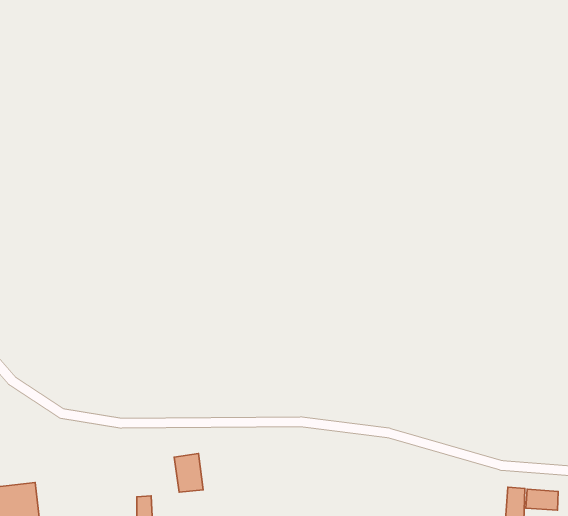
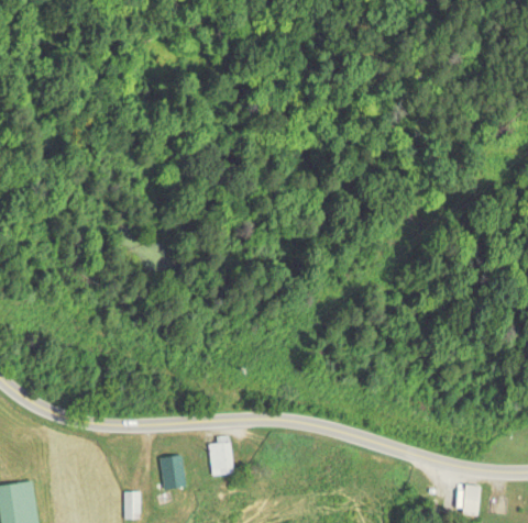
building: none -> [209,438,234,476]
building: [526,489,558,510] -> none

